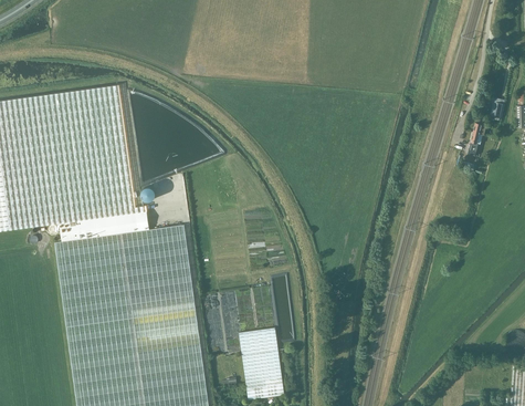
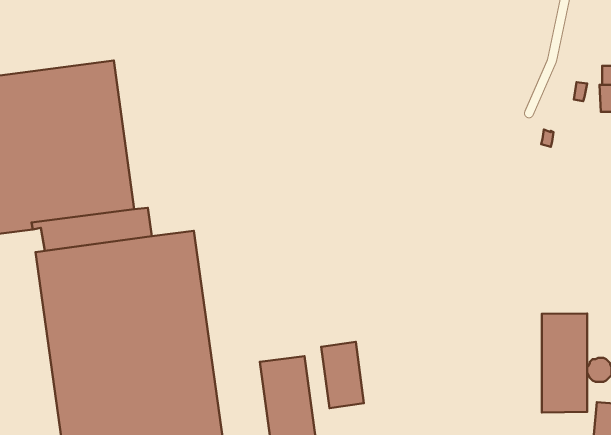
building: none -> [542,313,587,412]
building: none -> [321,342,364,408]

